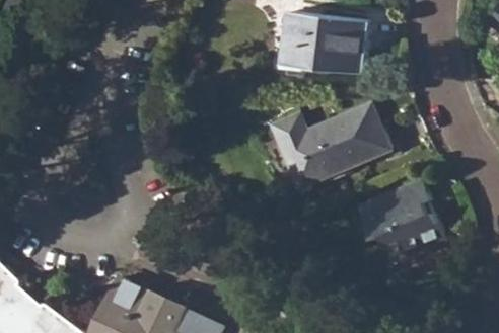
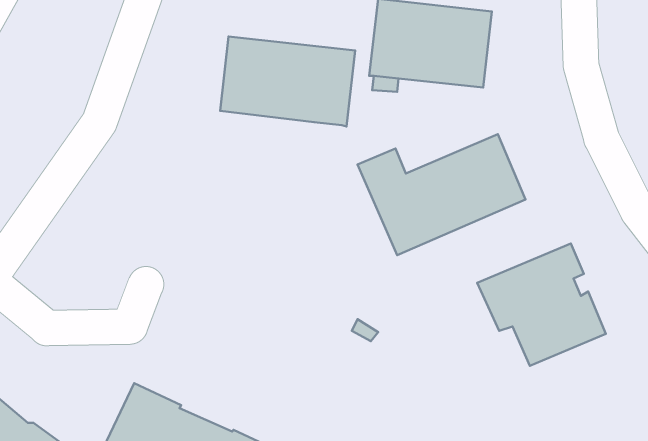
building: none -> [220,36,355,126]

